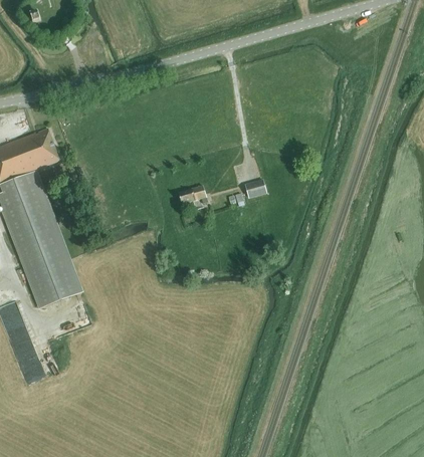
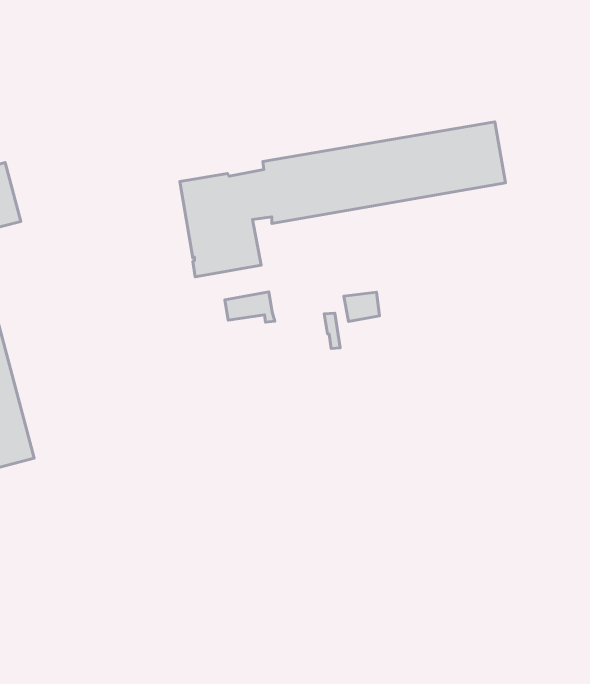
building: none -> [180,122,506,277]

